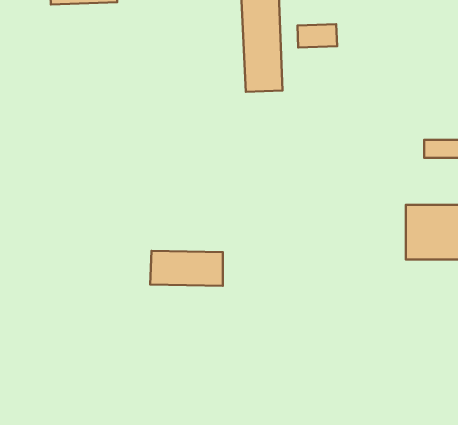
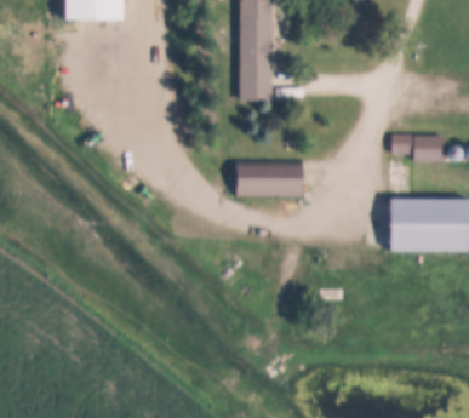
building: [297,24,337,48] -> none
building: [150,251,223,286] -> [236,165,304,197]

